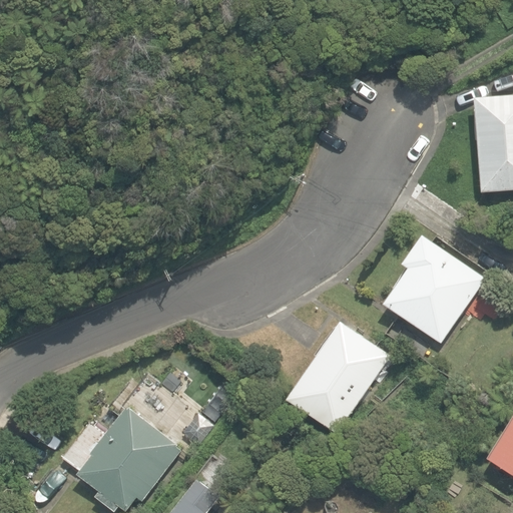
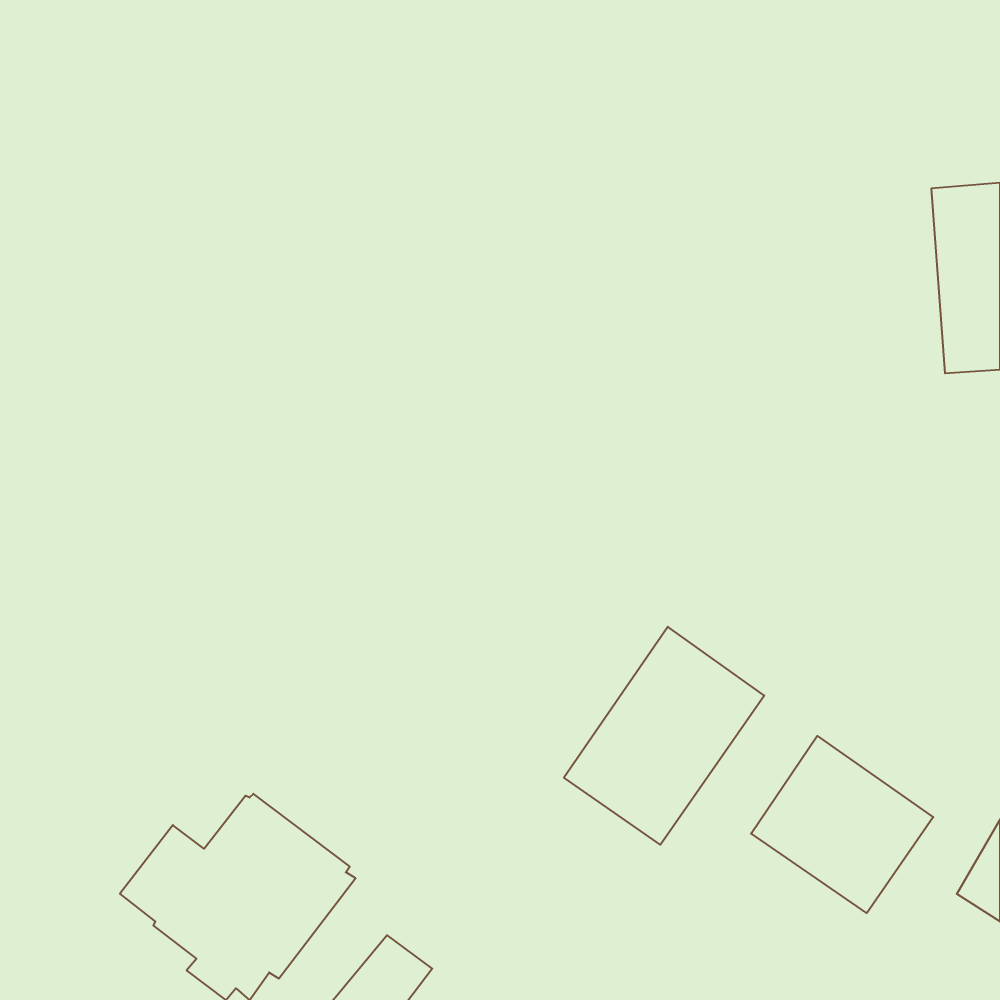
building: [384,235,486,344] -> none
building: none -> [751,736,933,913]

